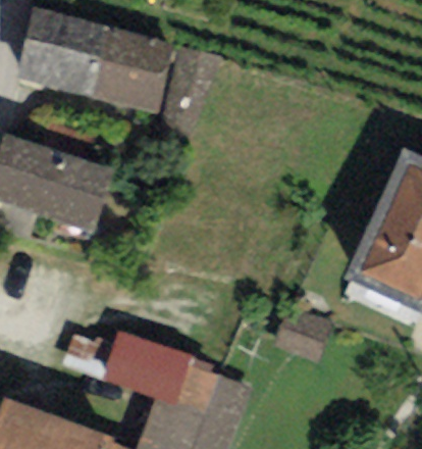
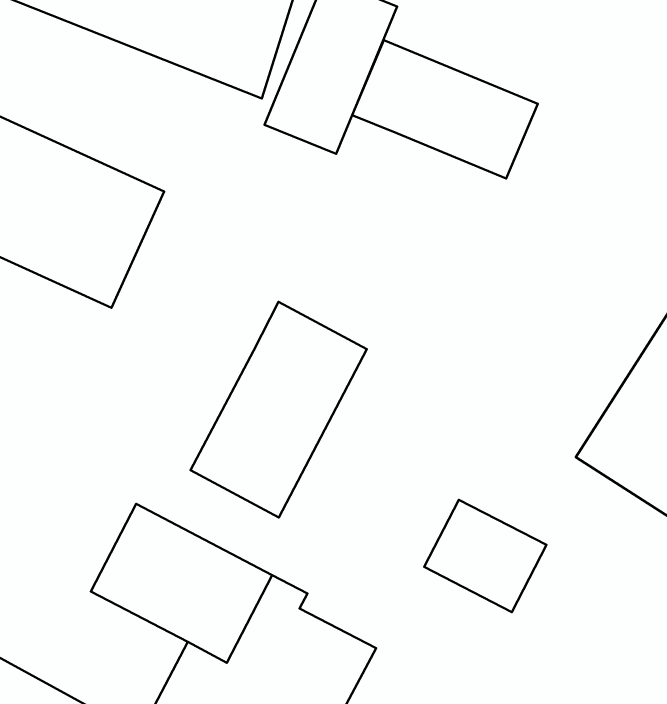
building: none -> [352,40,538,179]
building: none -> [190,302,367,517]

